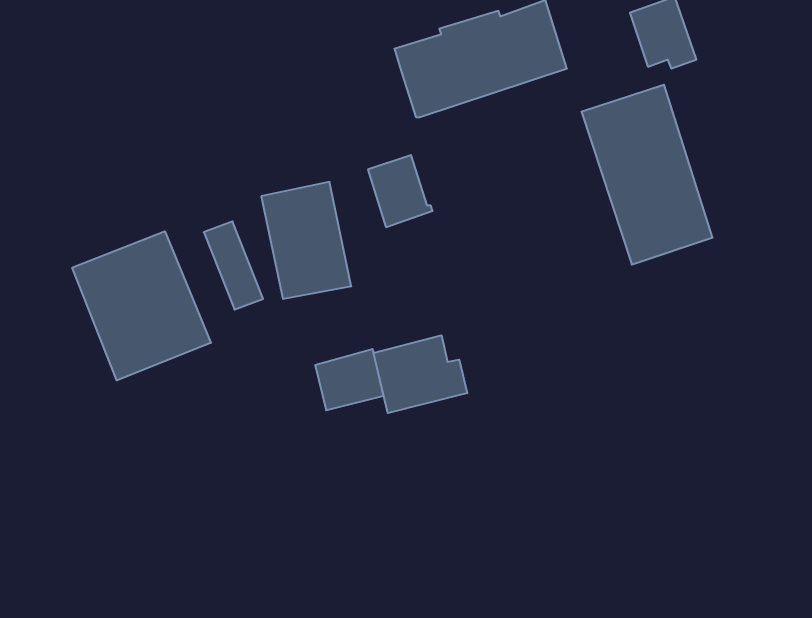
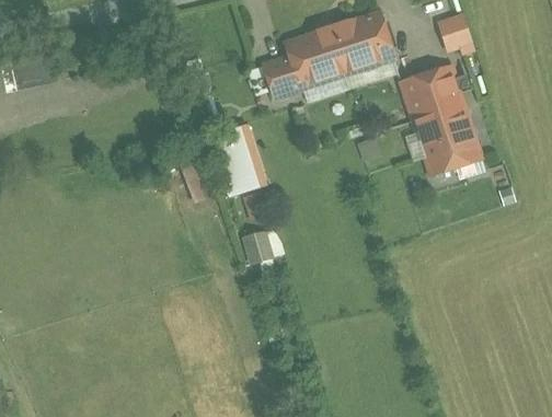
building: [368,155,433,227] -> [266,54,306,97]
building: [72,231,211,380] -> none
building: [374,335,467,413] -> none

